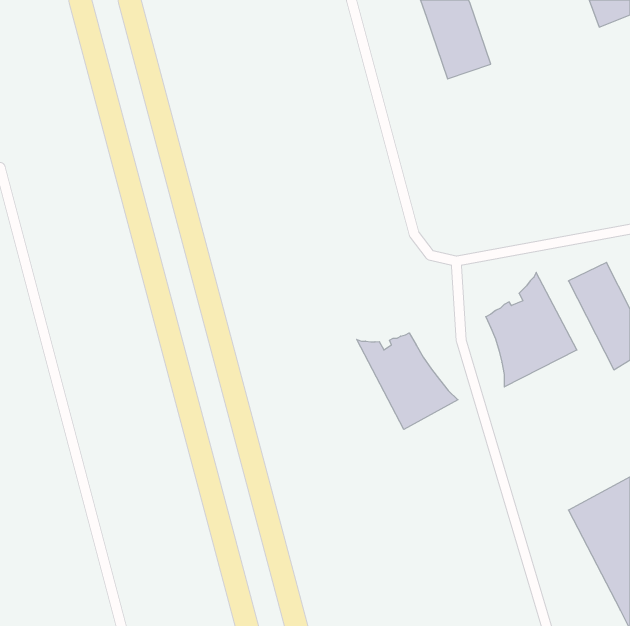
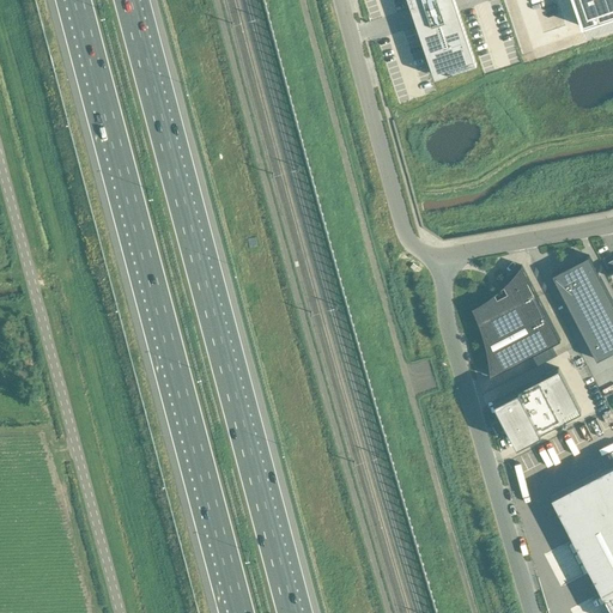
building: [357,333,458,429] -> none
building: none -> [494,370,581,447]

